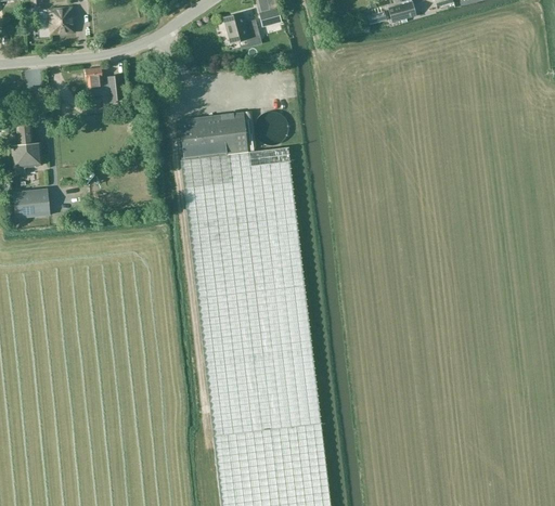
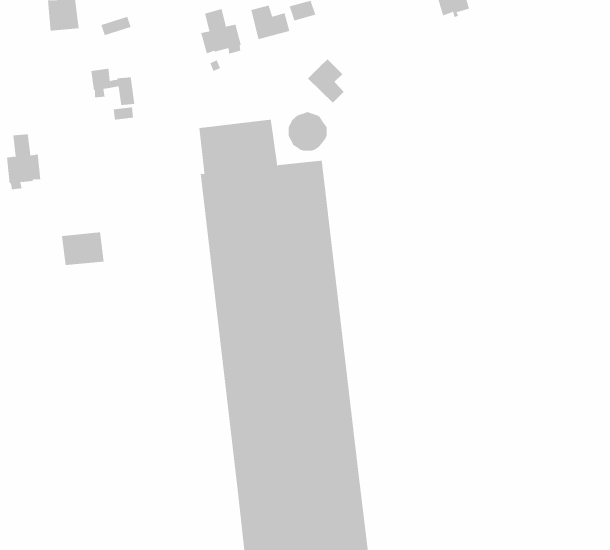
building: none -> [201,8,241,54]
building: none -> [307,58,344,103]
building: [12,190,50,219] -> [61,232,105,265]

